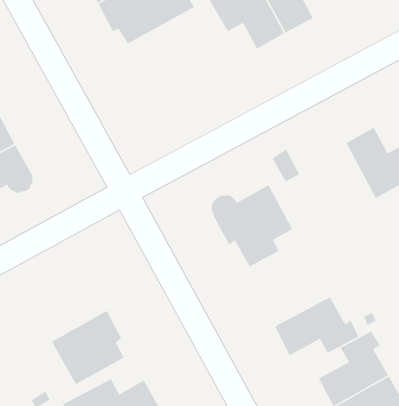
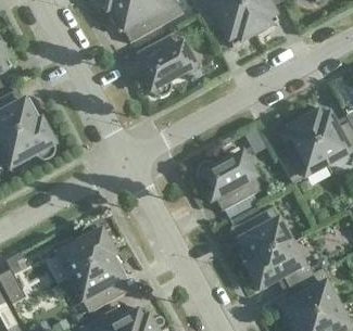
building: none -> [136,31,196,97]
building: none -> [279,120,327,184]
building: none -> [231,207,291,266]
building: none -> [46,225,114,283]

